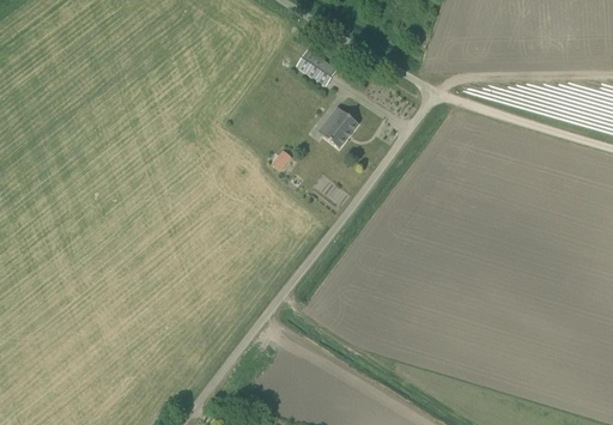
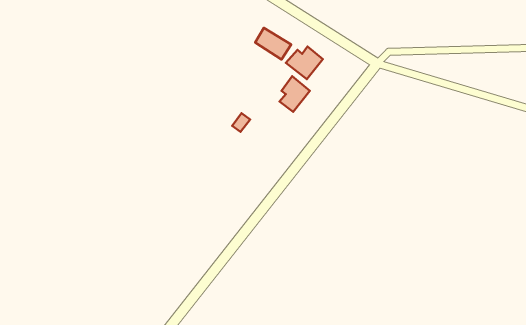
building: none -> [286,46,323,79]

